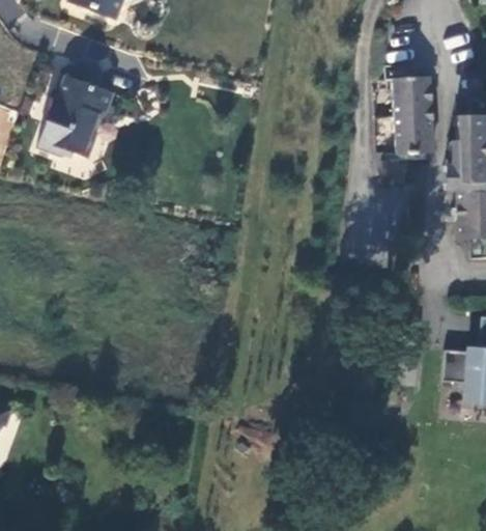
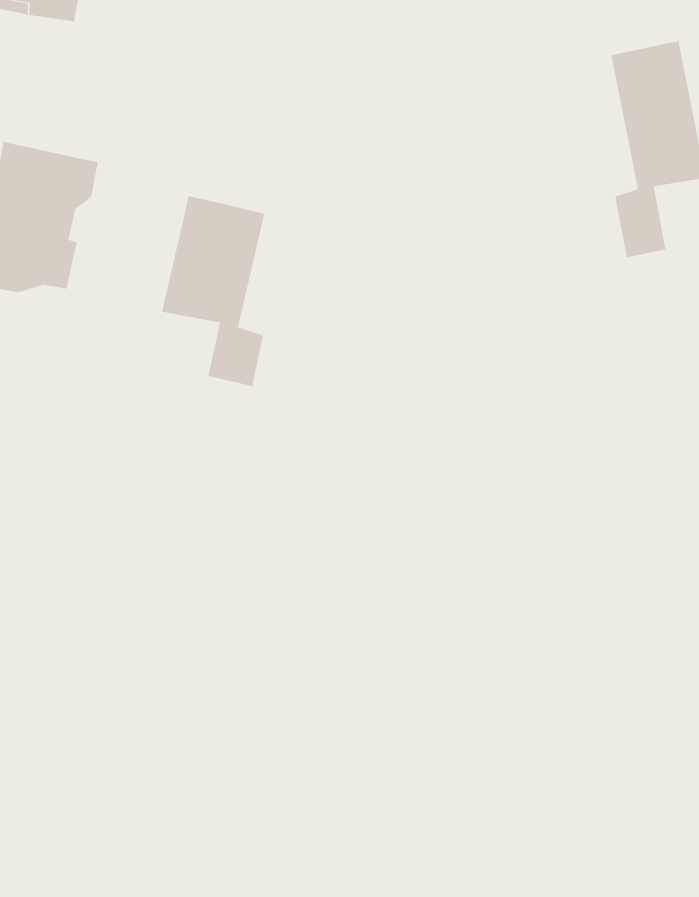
building: none -> [162,195,265,387]

